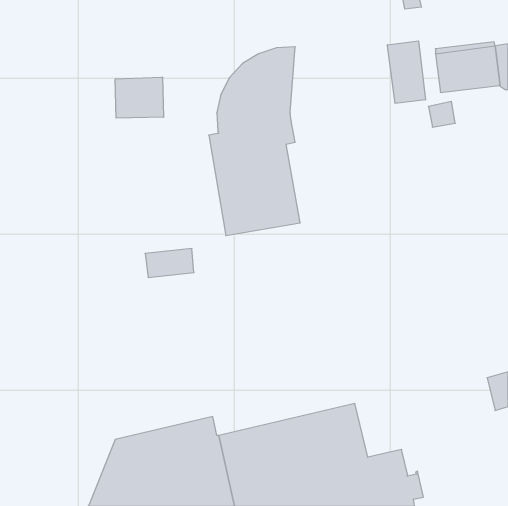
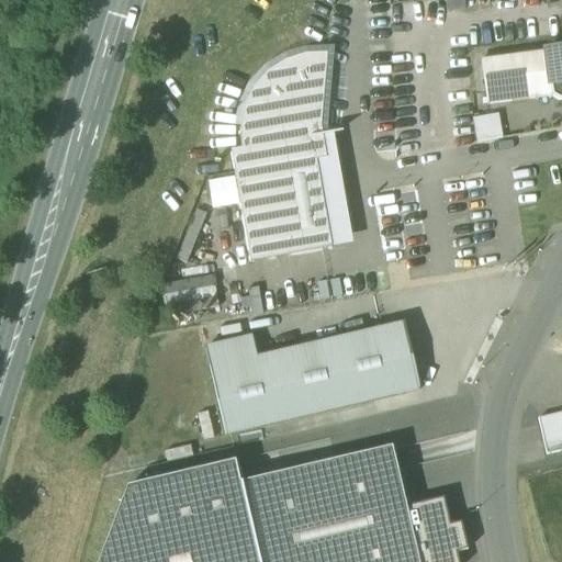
building: [387,41,426,103] -> none
building: [115,77,164,118] -> none
building: none -> [316,133,352,246]
building: none -> [205,322,420,434]

